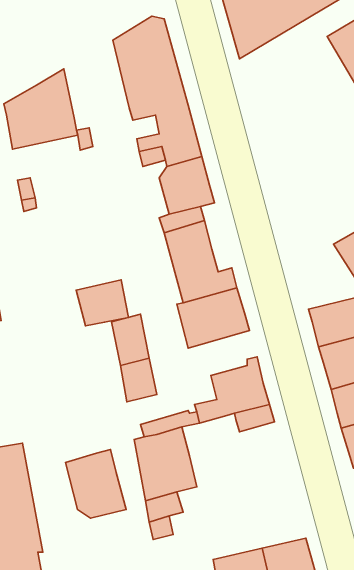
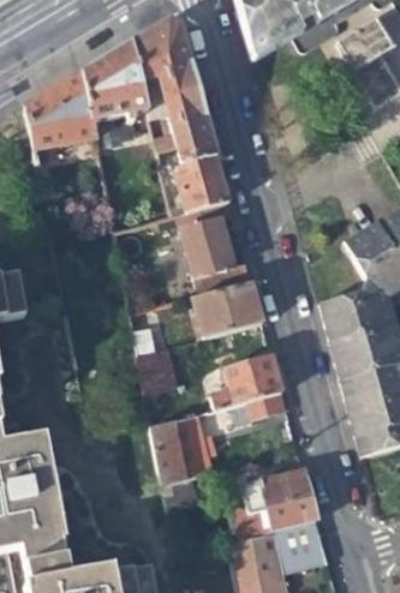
building: none -> [86,48,149,125]
building: [76,280,129,326] -> none
building: [65,450,126,518] -> none
building: none -> [244,479,317,533]

